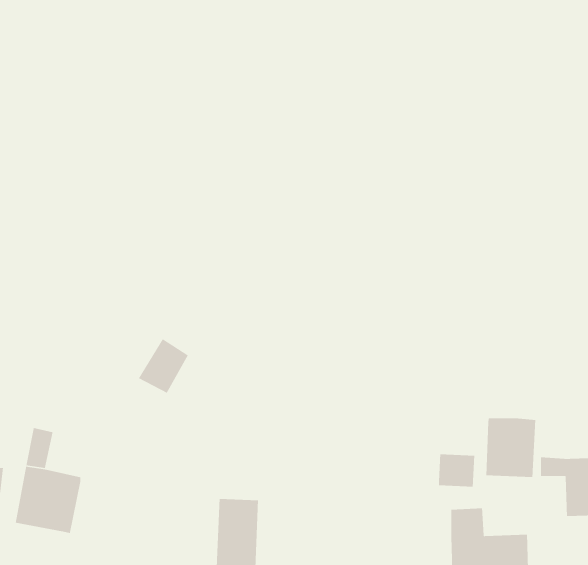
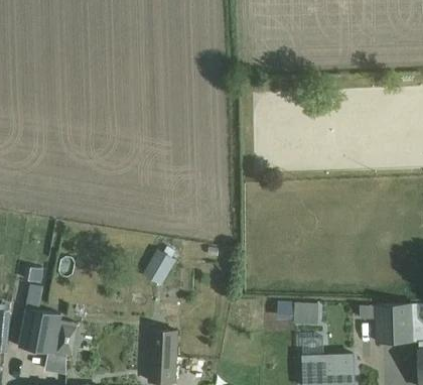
building: [138,338,189,394] -> [142,250,175,286]
building: [485,417,536,478] -> none
building: none -> [54,320,78,358]

